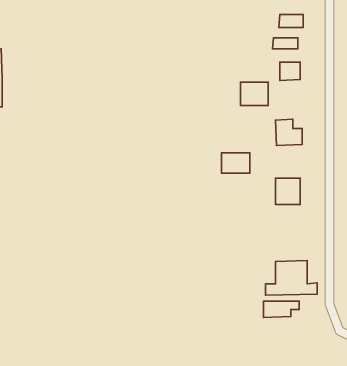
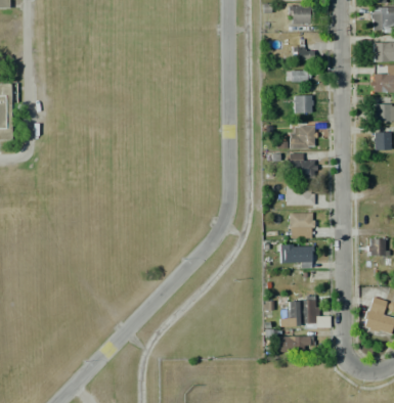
building: [241,82,268,106] -> [289,126,316,149]
building: [221,153,250,173] -> [287,185,315,206]
building: none -> [280,244,314,269]

